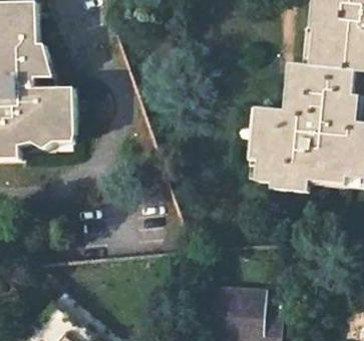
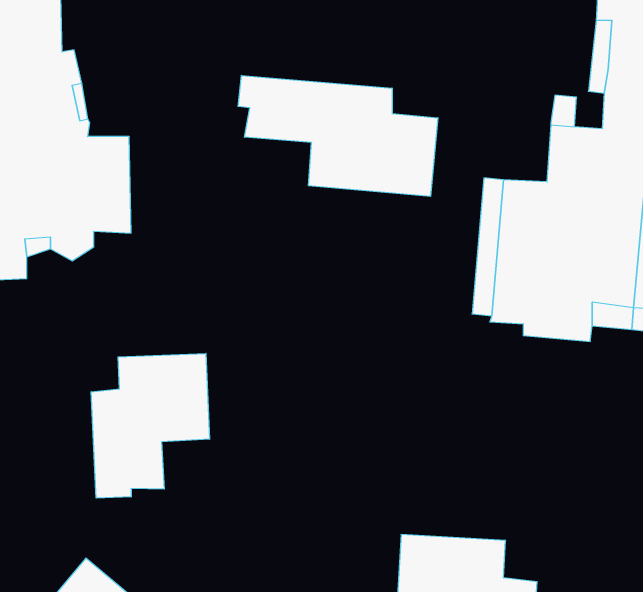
building: none -> [238,75,438,196]
building: none -> [91,353,210,498]

